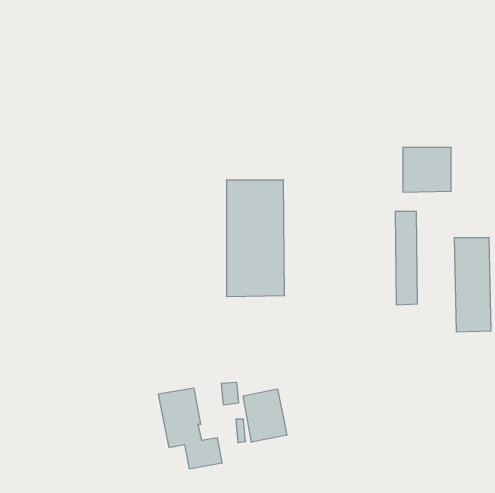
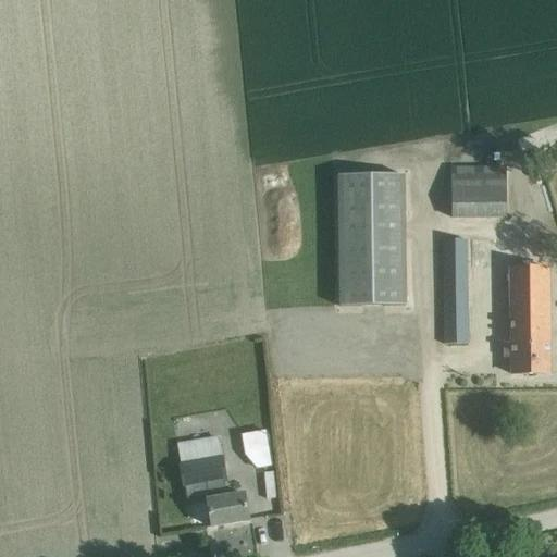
building: [226,180,285,296] -> [339,173,405,304]
building: [243,389,287,442] -> none

